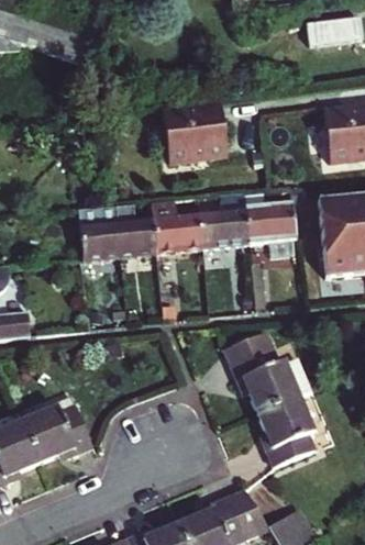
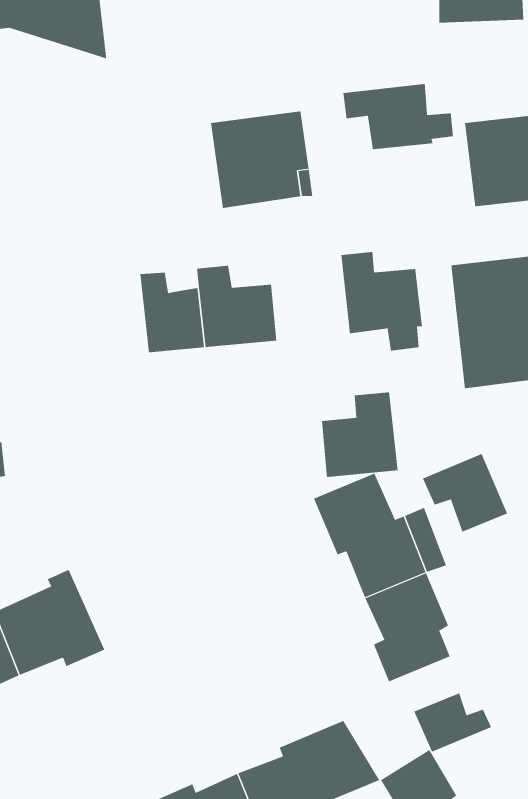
building: none -> [343,83,453,150]
building: [200,193,250,248] -> [321,392,398,478]
building: [77,205,121,260] -> none
building: none -> [422,453,508,532]
building: none -> [414,692,492,752]

